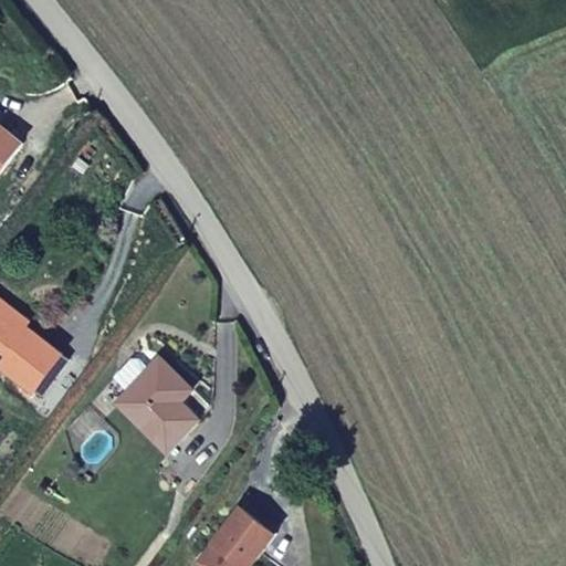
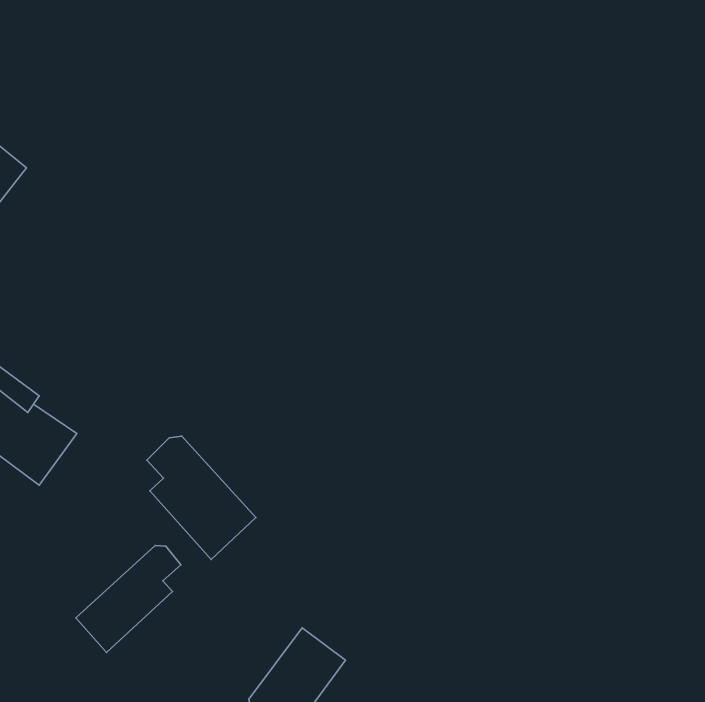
building: none -> [76,545,181,653]

